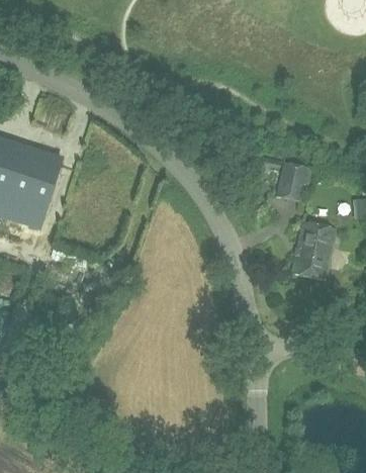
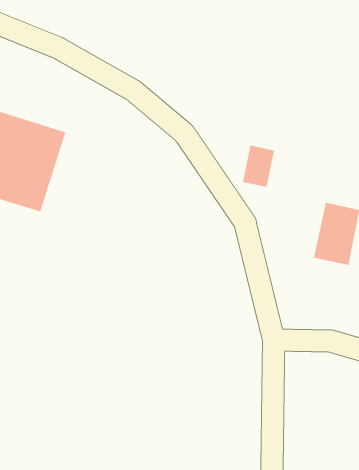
building: [276,160,306,199] -> [242,145,275,188]

